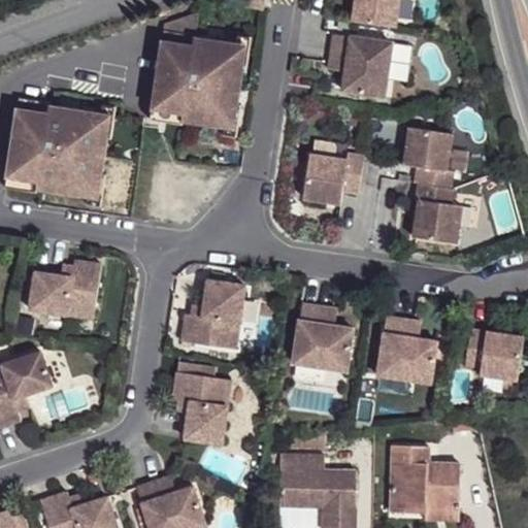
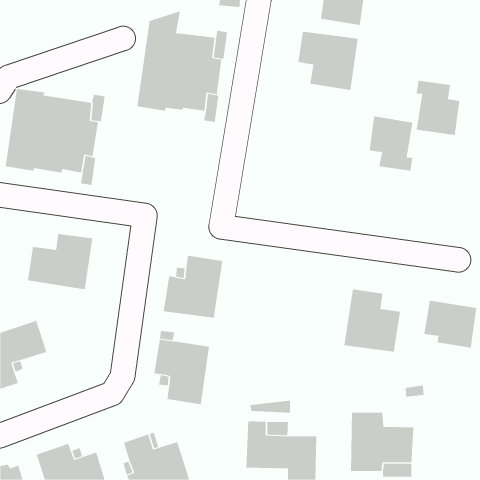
building: [303,154,364,203] -> none
building: [412,183,461,243] -> [416,80,460,136]
building: [292,304,355,374] -> none

